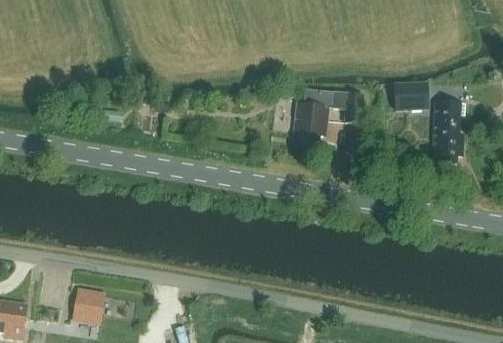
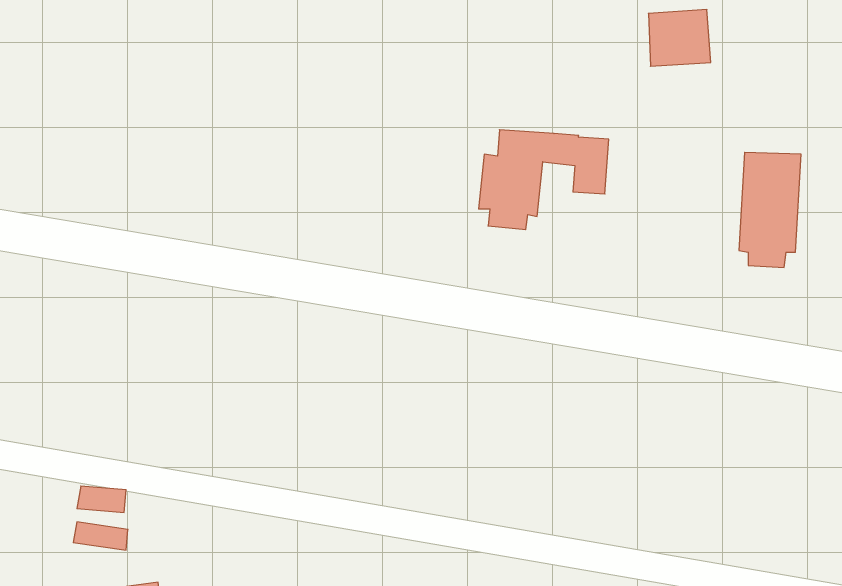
building: [393,82,426,112] -> [648,10,711,66]

